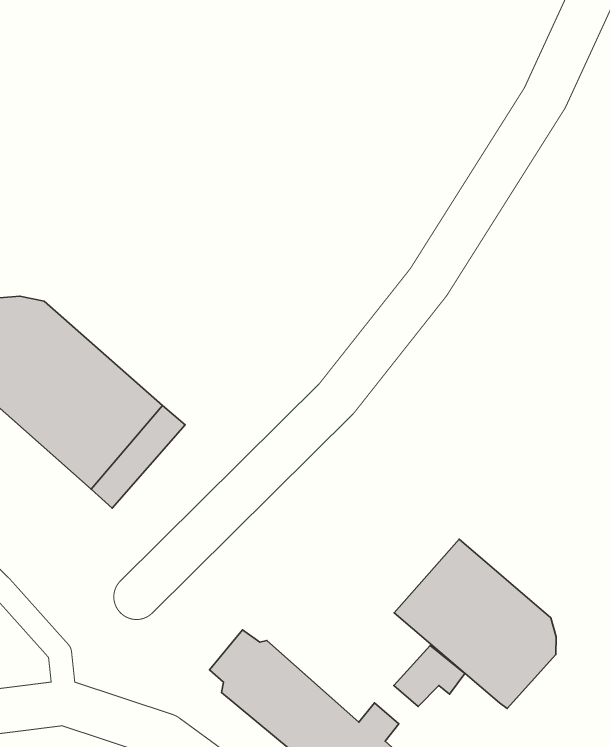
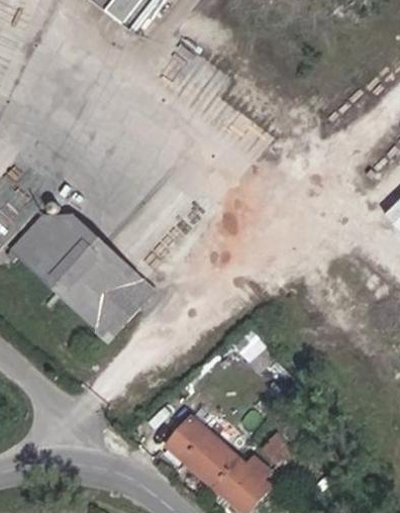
building: [394,539,556,709] -> none

